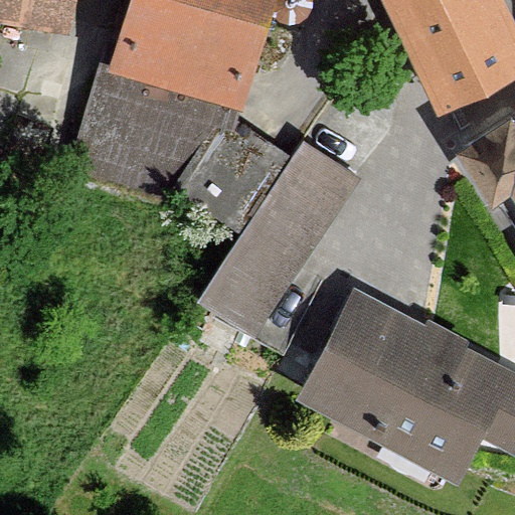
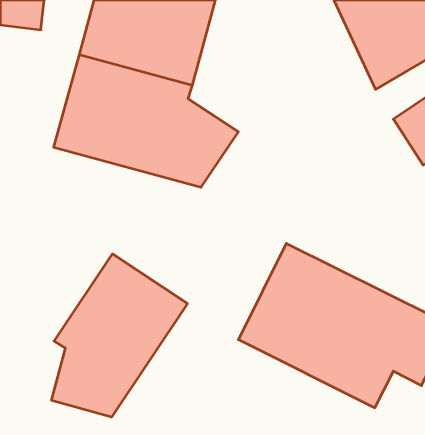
building: [198,138,365,338] -> none
building: none -> [52,254,187,417]

